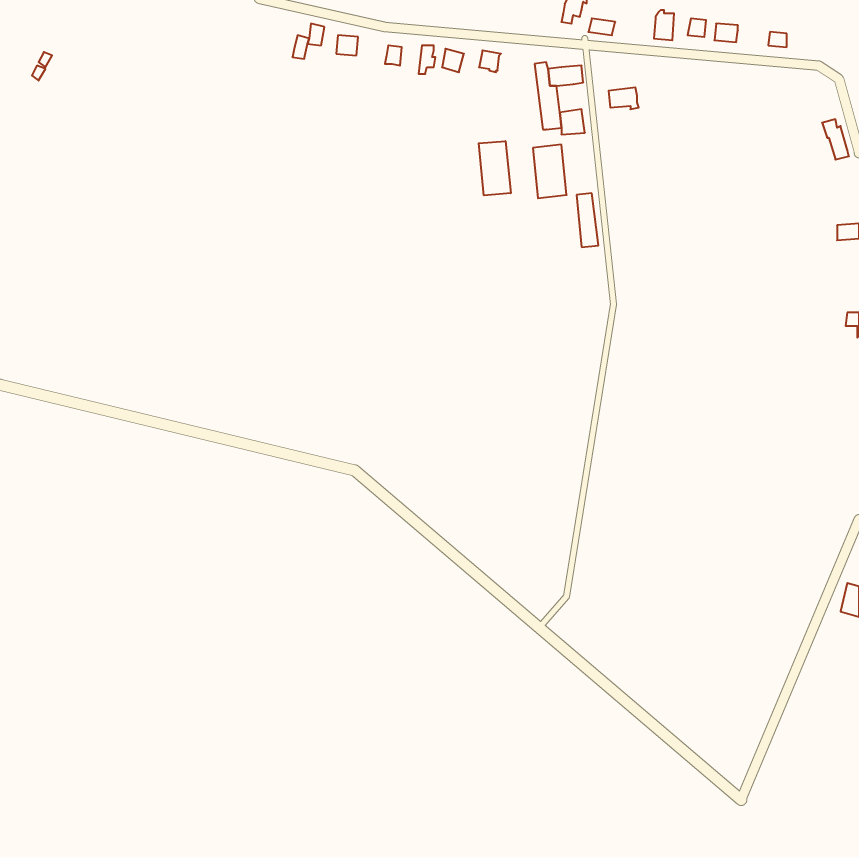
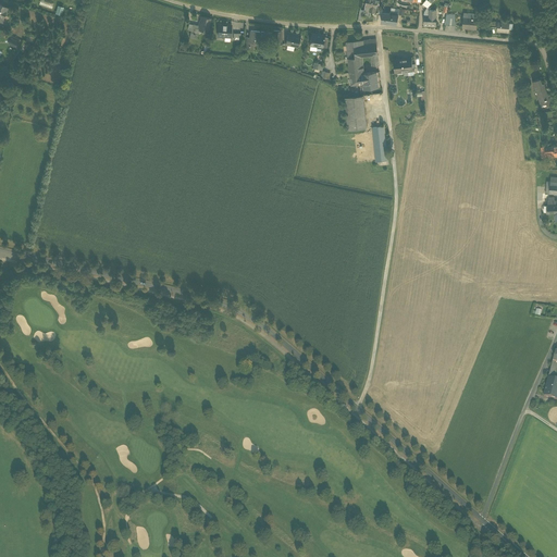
building: [479,141,511,195] -> none

